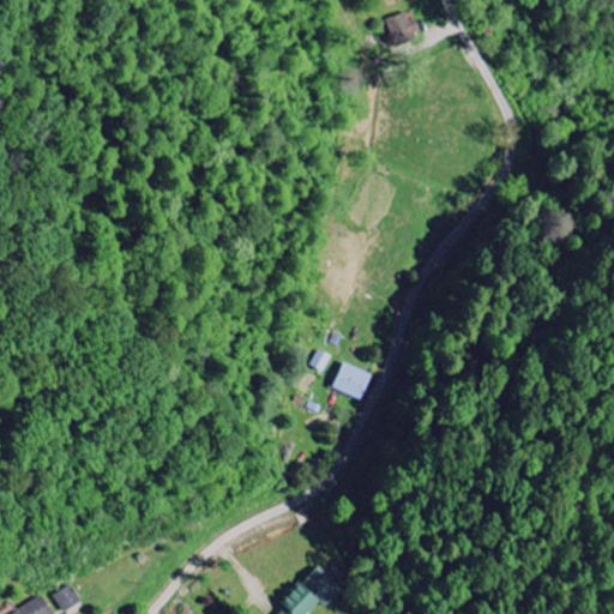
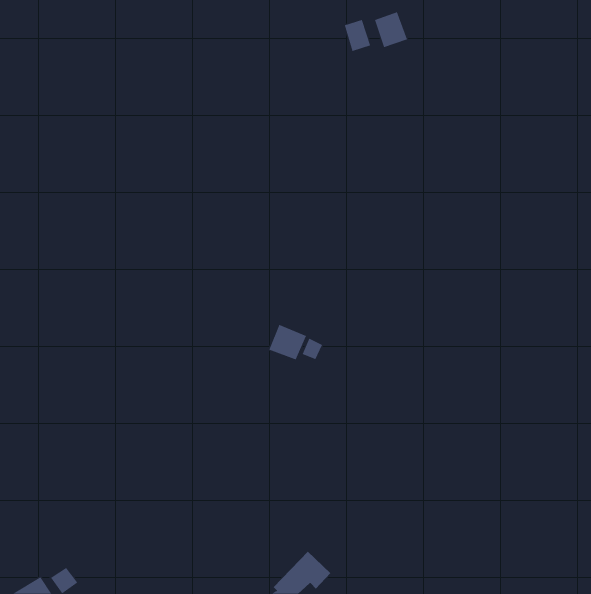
building: none -> [344,19,371,52]
building: [332,362,372,399] -> [268,324,307,360]

